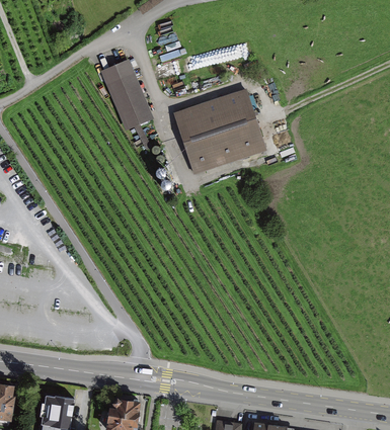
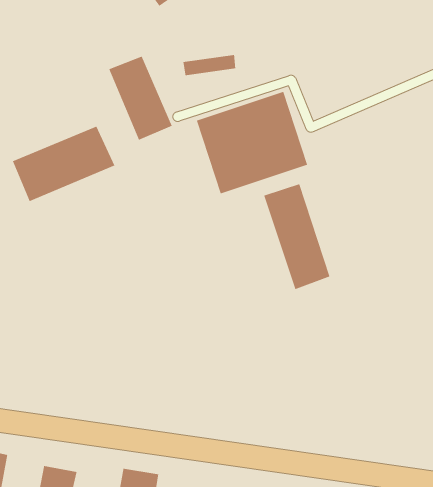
building: none -> [12,125,115,202]
building: none -> [263,183,331,290]

